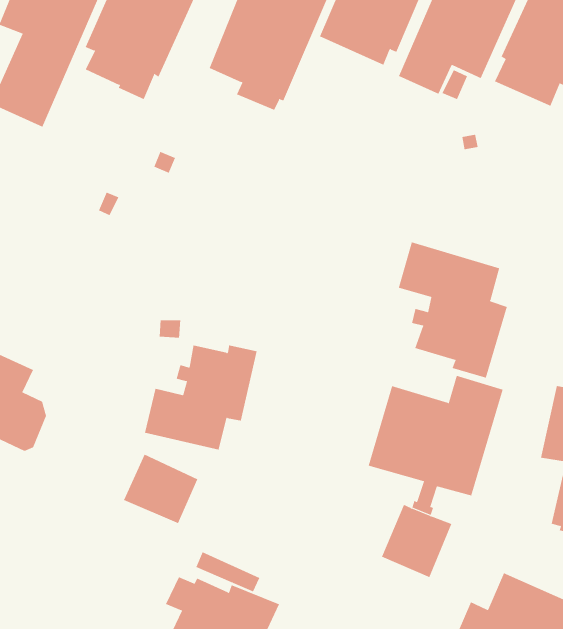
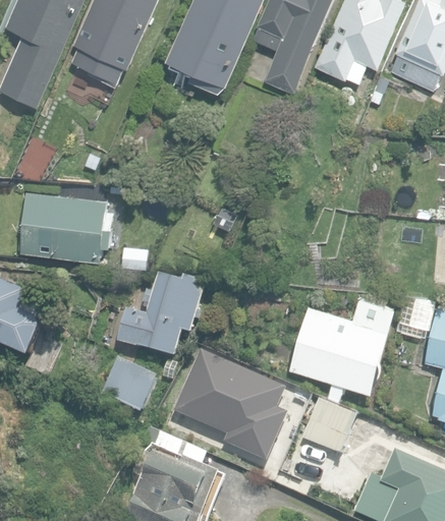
building: none -> [17,192,109,255]
building: [398,242,508,378] -> none
building: none -> [169,350,287,467]

